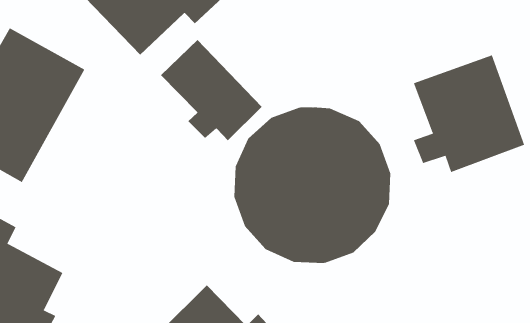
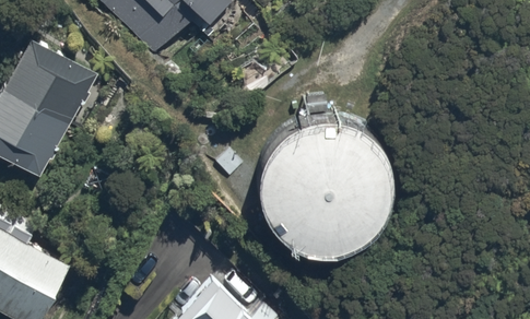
building: [160,39,263,141] -> none
building: [413,54,525,173] -> none

